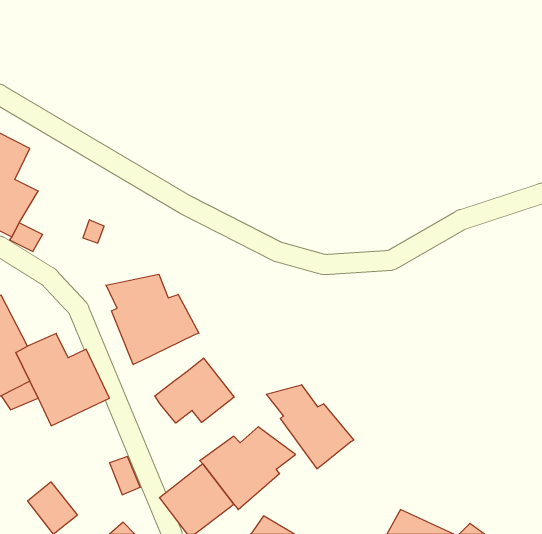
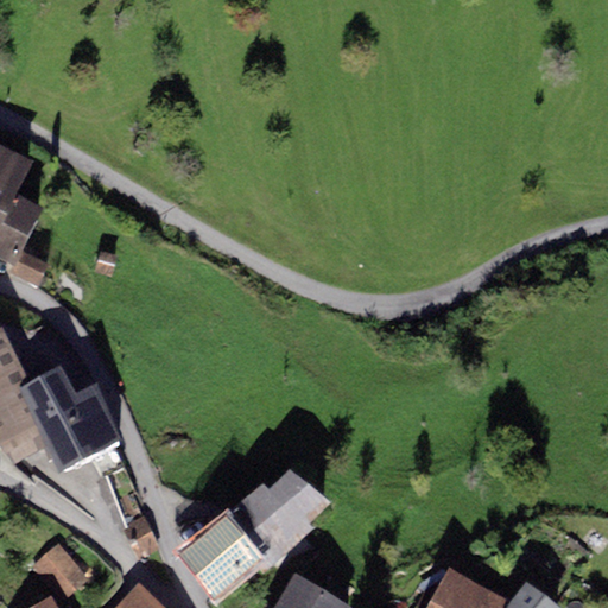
building: [106,274,199,365] -> none
building: [155,358,234,423] -> none
building: [267,385,354,469] -> none

